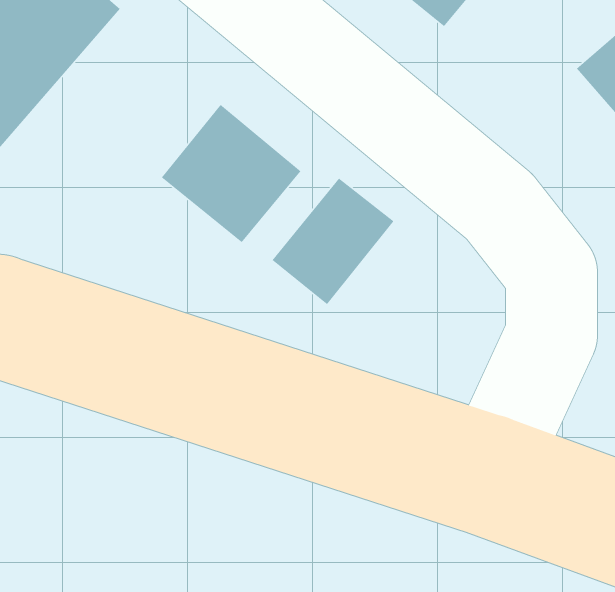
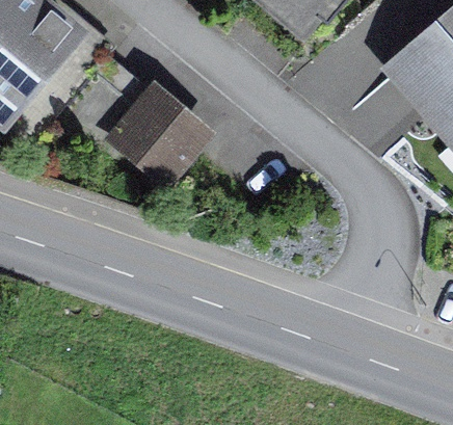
building: [272,177,394,305] -> none

